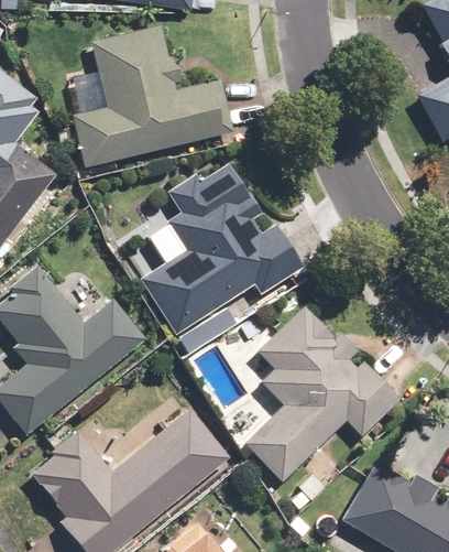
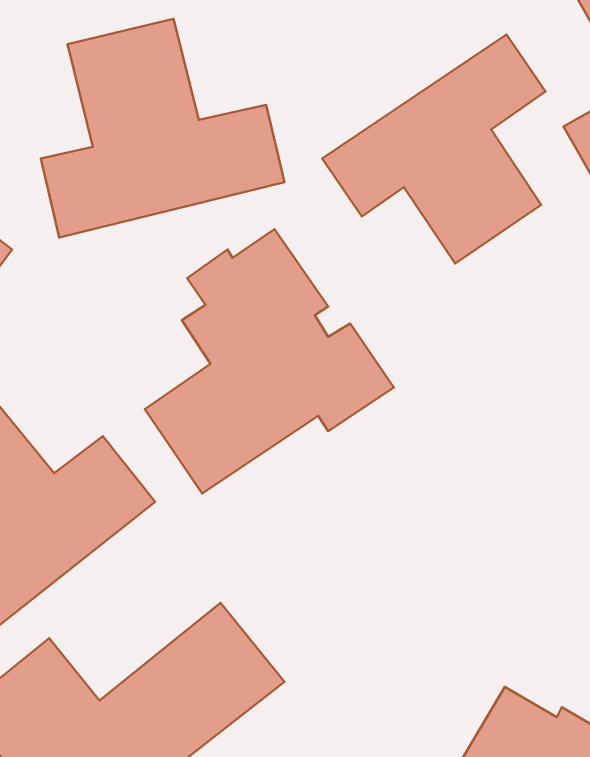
building: none -> [322,34,545,264]
building: [243,303,402,484] -> none

